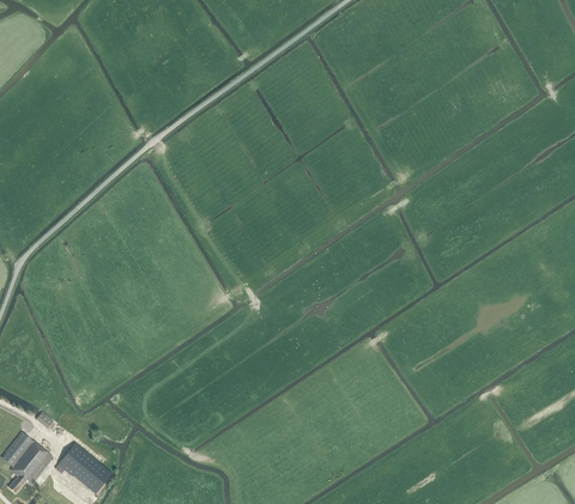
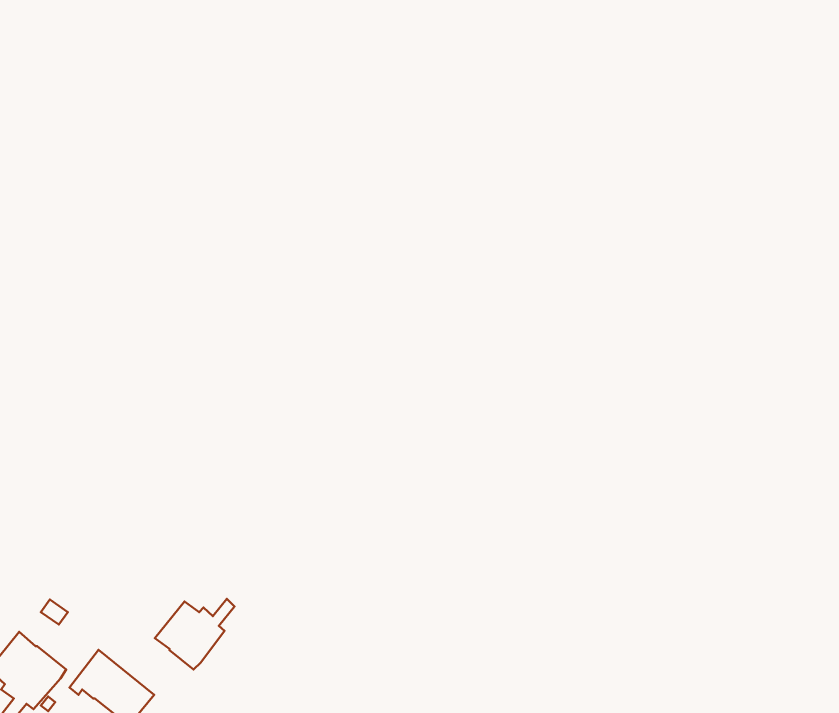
building: none -> [155,599,234,670]

